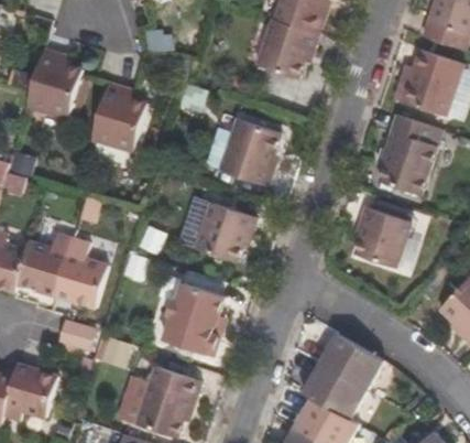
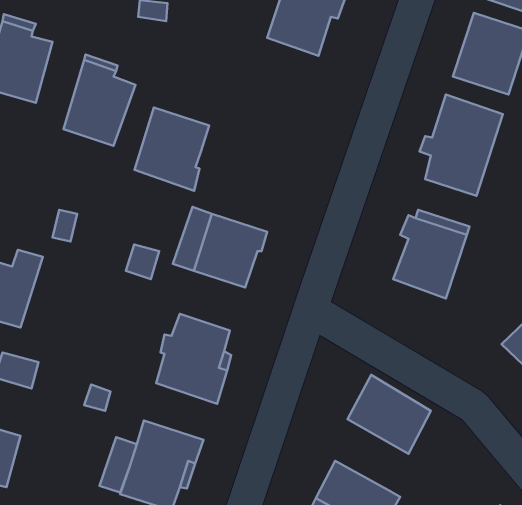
building: [218,117,277,183] -> [134,107,209,191]
building: [56,237,106,303] -> none
building: [299,366,364,422] -> none

